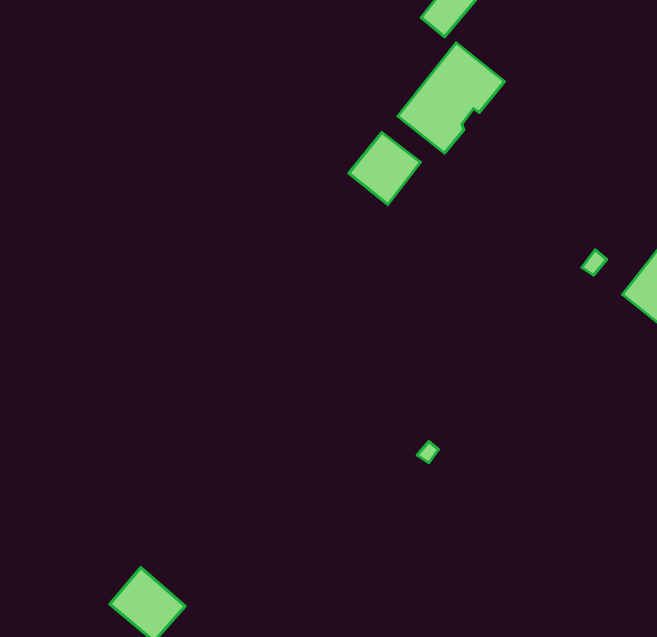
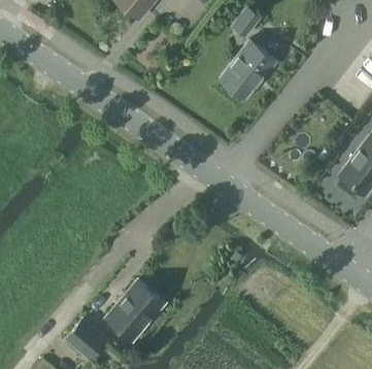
building: [349,133,421,205] -> none
building: none -> [106,280,164,340]

